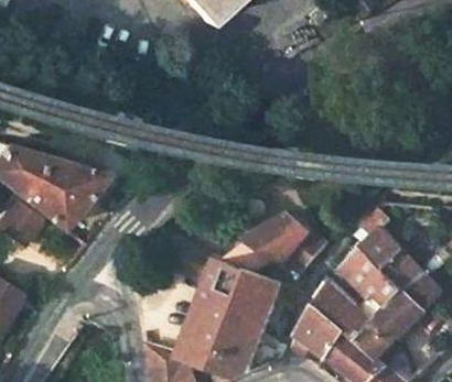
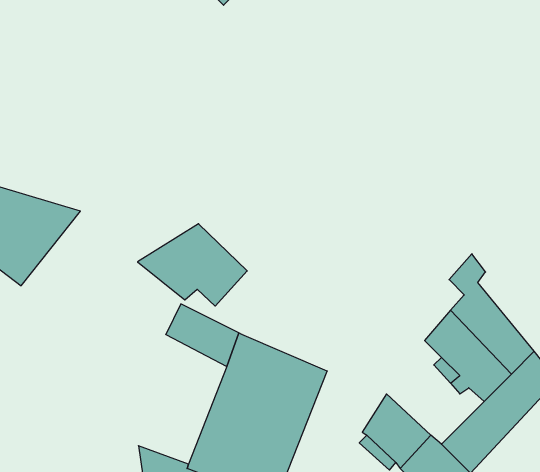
building: [241,211,321,271] -> [138,224,247,306]
building: [320,280,390,339] -> none

